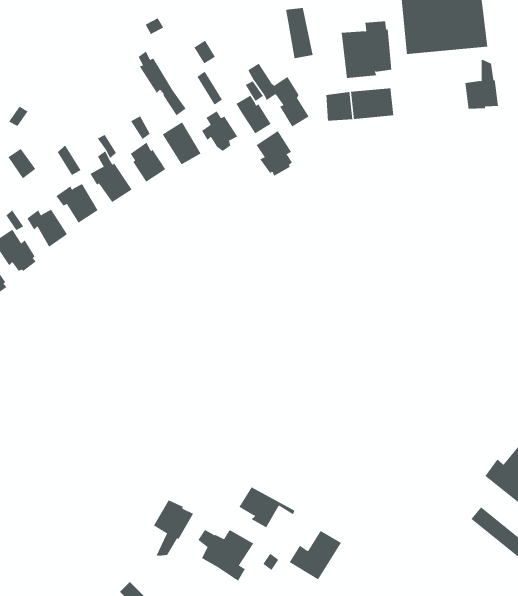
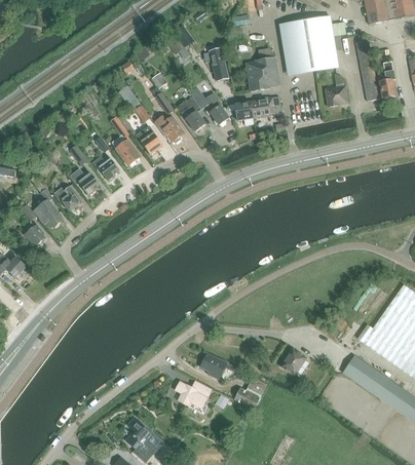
building: [256,130,292,176] -> none
building: none -> [282,348,311,376]
building: [153,500,194,557] -> none

